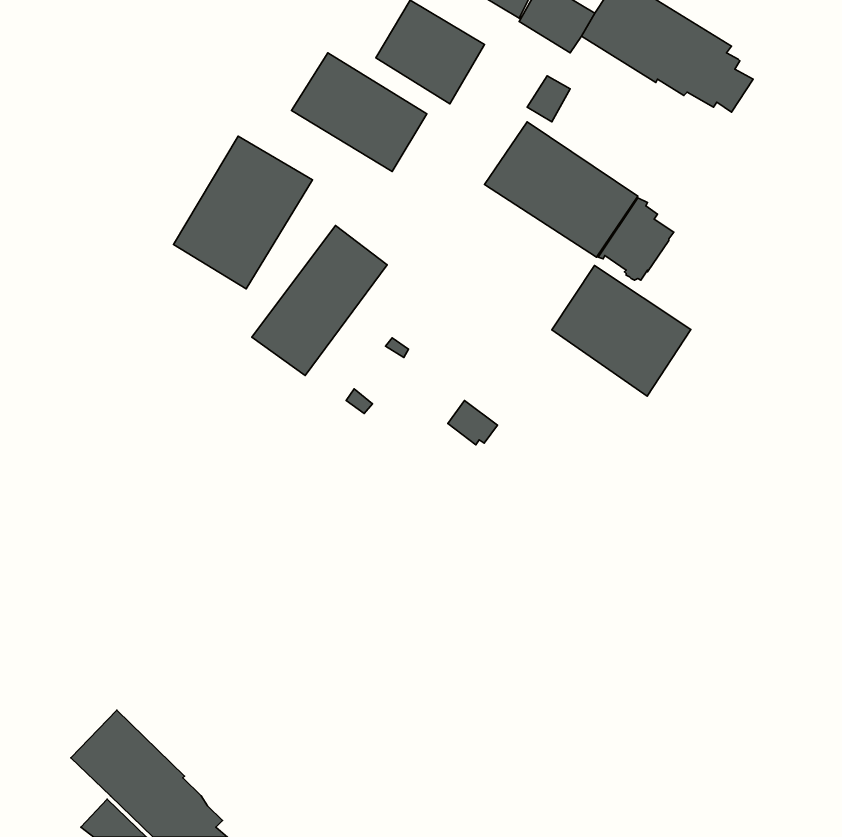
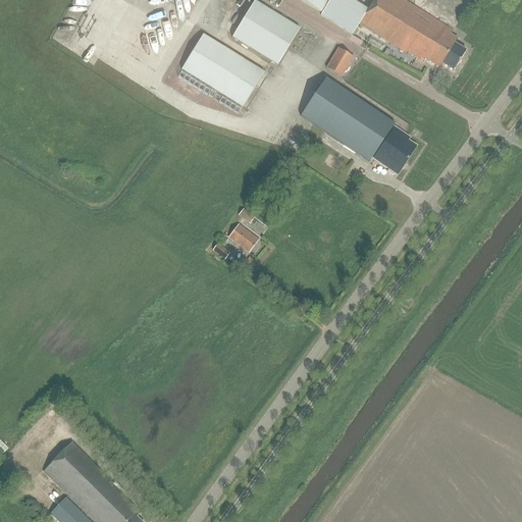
building: [174,136,312,289] -> none
building: [252,226,387,375] -> none
building: [552,265,691,396] -> none
building: [448,400,497,445] -> [228,221,259,249]

